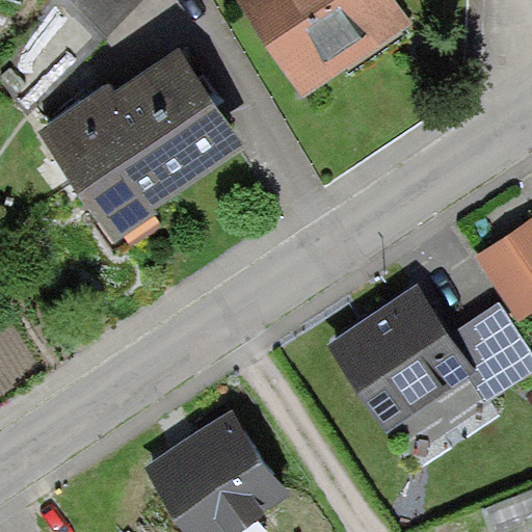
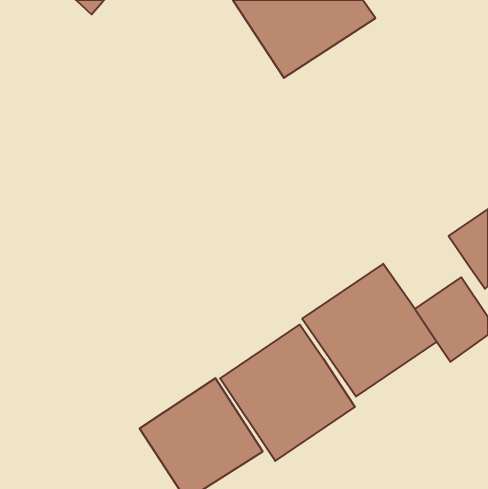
building: [47,62,235,227] -> none
building: none -> [220,325,355,461]

